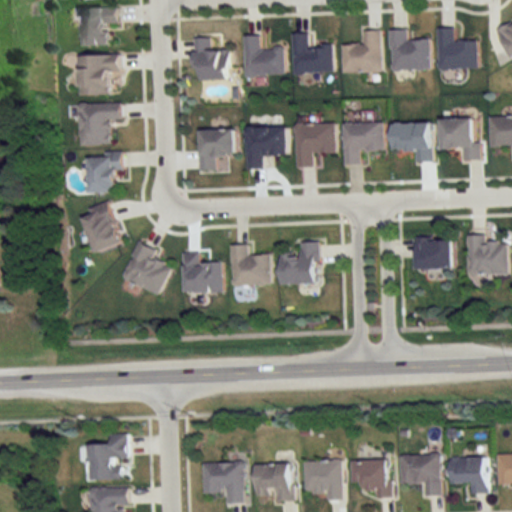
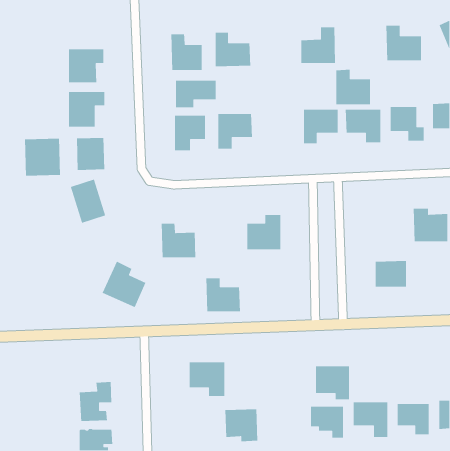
building: [77,6,117,45] -> none
building: [389,29,429,70] -> [336,69,371,105]
building: [291,34,332,74] -> none
building: none -> [175,80,217,108]
building: [294,123,335,166] -> none
building: none -> [24,138,61,176]
building: [416,237,452,268] -> [375,260,407,288]
building: [119,241,170,295] -> [101,261,147,308]
building: [230,245,270,284] -> [206,278,241,312]
building: [302,459,341,498] -> [315,366,350,400]
building: [203,461,244,501] -> [189,362,225,397]

